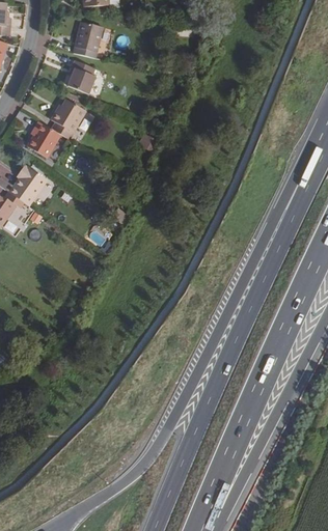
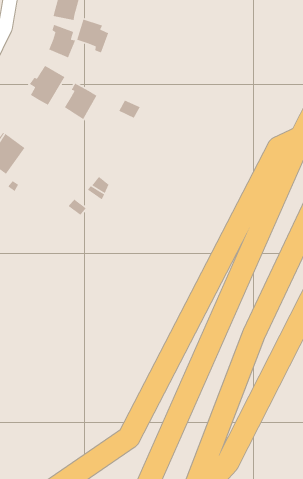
building: none -> [76,19,109,54]
building: [27,121,59,158] -> [64,83,97,120]

